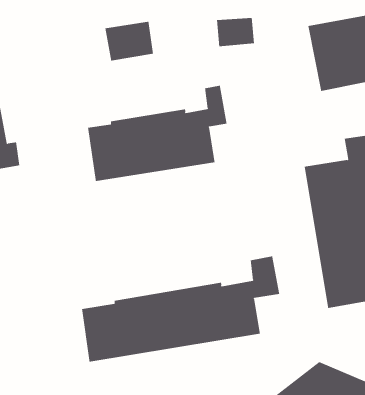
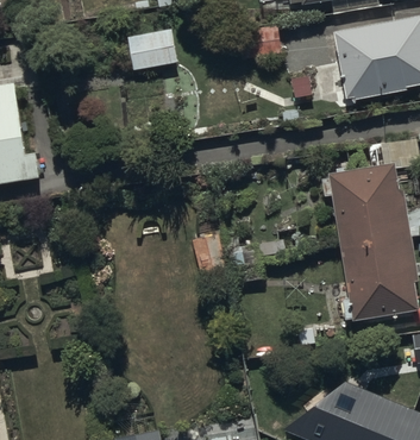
building: [88,85,227,182] -> none
building: [81,255,280,362] -> none

